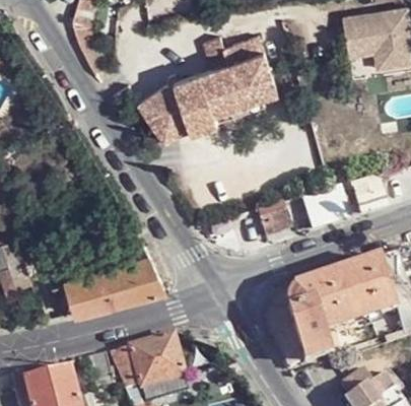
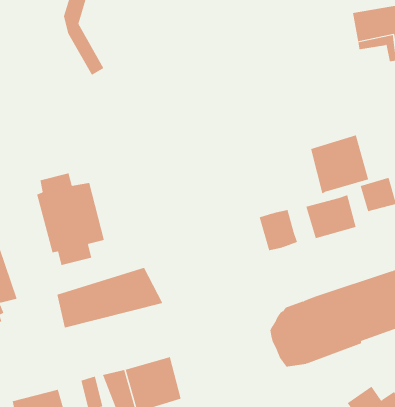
building: [143,37,282,140] -> none
building: none -> [310,134,369,195]
building: none -> [37,173,104,266]

